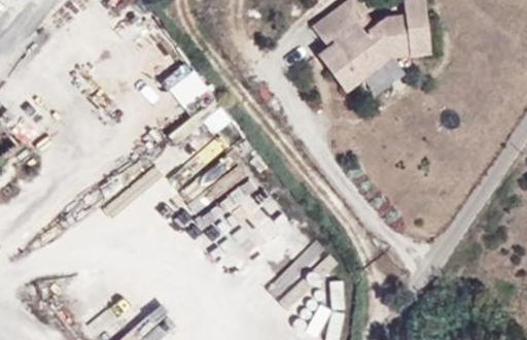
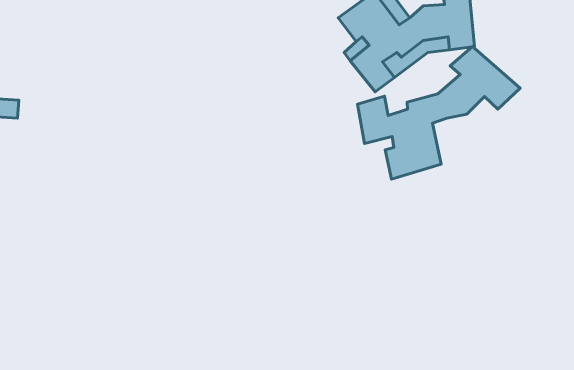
building: none -> [358,47,520,179]

